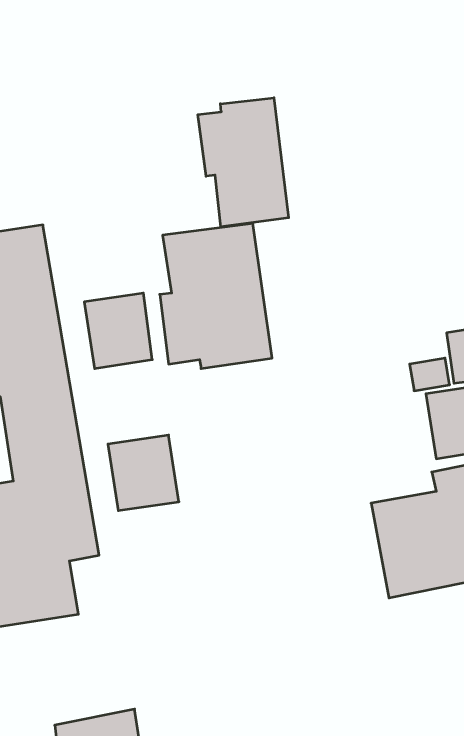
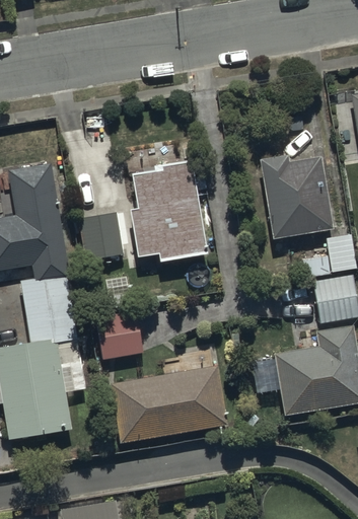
building: [198,98,289,227] -> none
building: none -> [260,153,334,241]
building: none -> [111,366,228,443]

